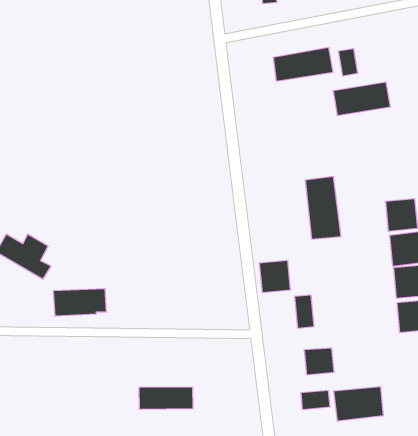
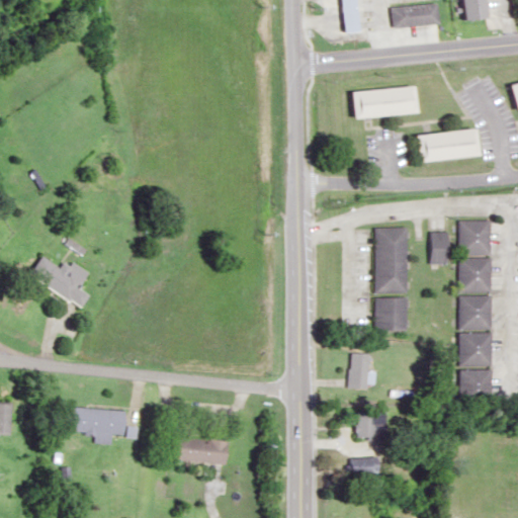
building: [339,48,358,76] -> none
building: none -> [458,221,491,255]
building: none -> [429,232,447,263]
building: [259,260,291,293] -> [377,297,409,330]
building: [53,289,107,316] -> [72,408,130,437]
building: [334,386,383,421] -> none

